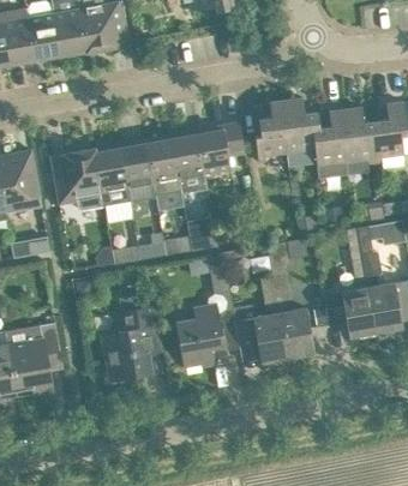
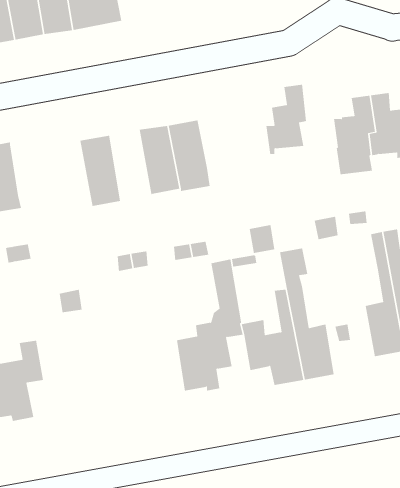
building: [284,97,320,155] -> none
building: [196,122,245,173] -> none
building: [119,139,155,203] -> none
building: [52,149,103,210] -> none
building: [103,294,163,380] -> none

